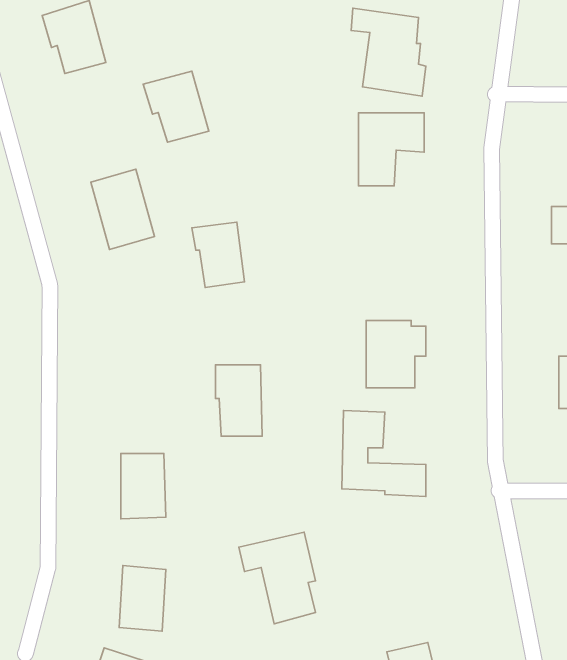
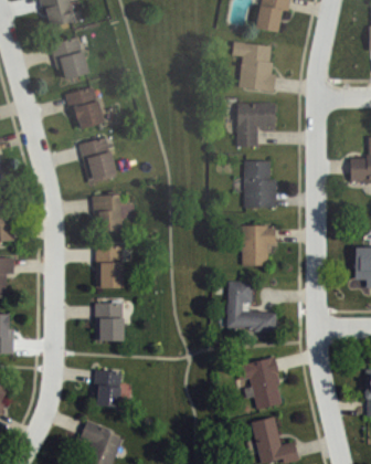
building: [143,71,209,142] -> [64,88,103,130]
building: none -> [244,161,276,209]
building: [192,222,244,288] -> [91,196,121,234]
building: [215,365,262,436] -> [95,247,123,289]
building: [239,532,315,624] -> [236,356,282,410]

